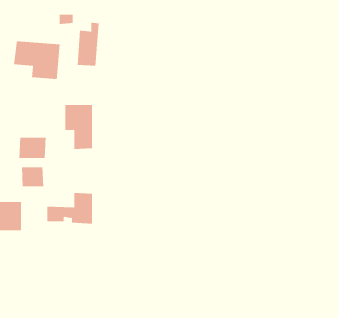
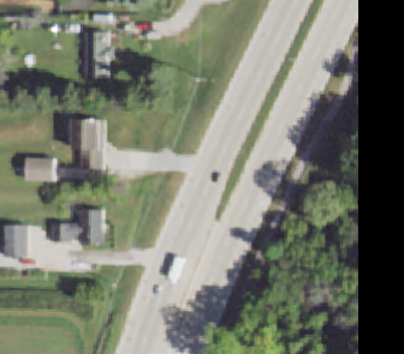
building: [13,40,60,80] -> none
building: [21,167,44,187] -> none

